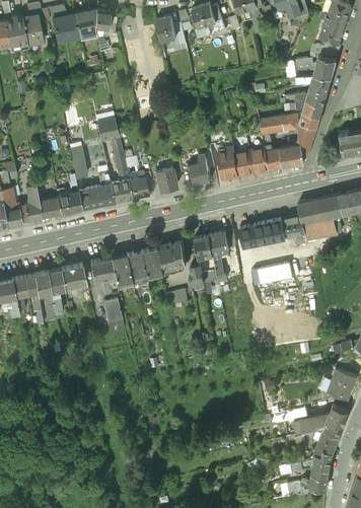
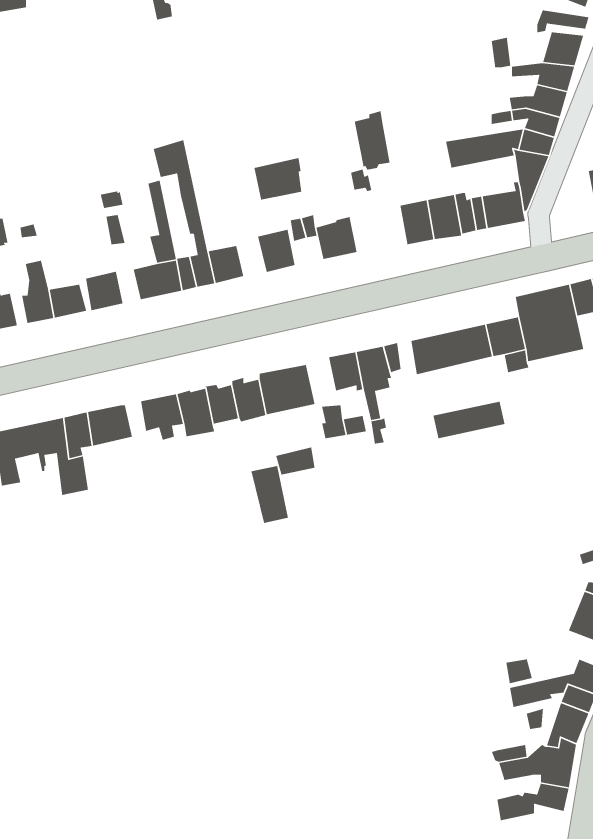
building: none -> [254,157,302,201]
building: [217,148,237,182] -> [354,110,390,170]
building: [101,299,123,332] -> [251,465,289,524]

